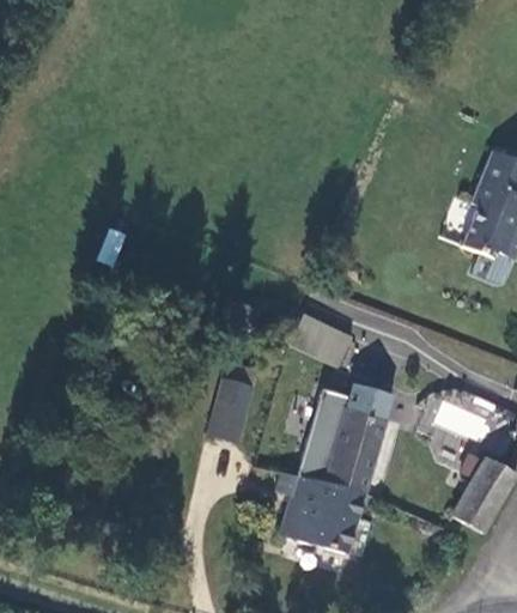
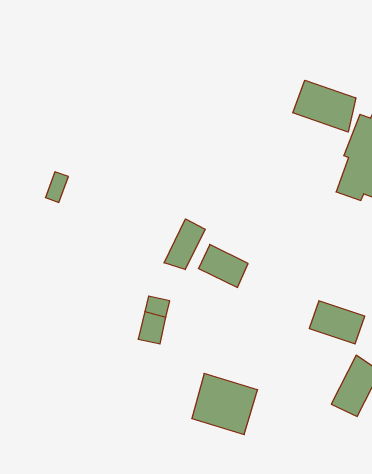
building: none -> [293,80,356,132]
building: none -> [164,219,205,270]
building: [296,387,385,496] -> none

